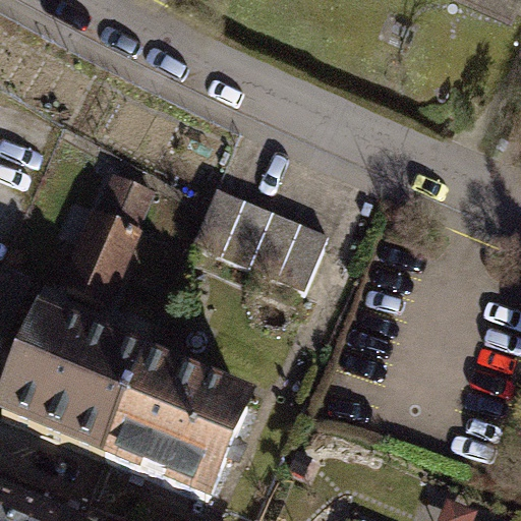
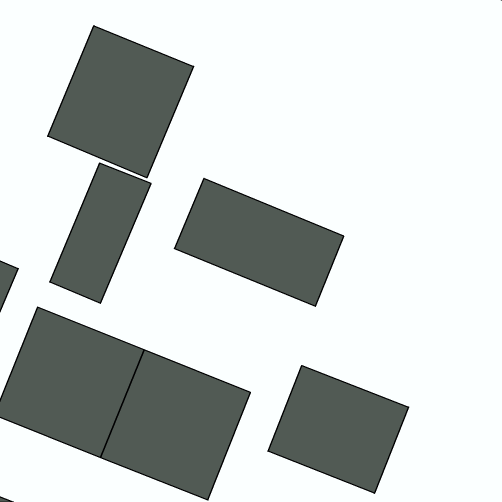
building: none -> [48,26,194,178]
building: none -> [268,366,409,493]

